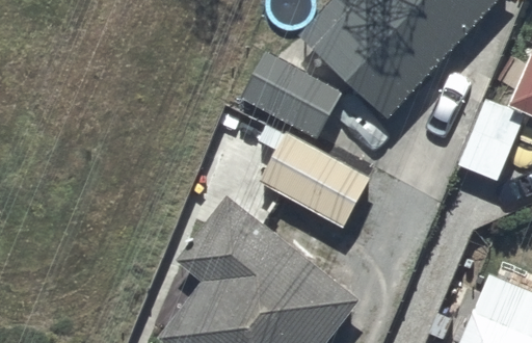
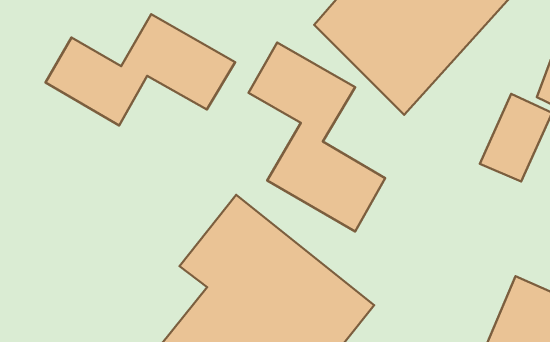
building: none -> [45,14,235,125]

